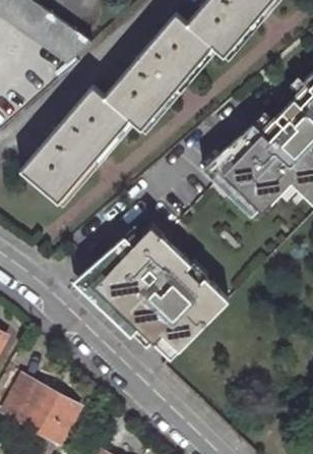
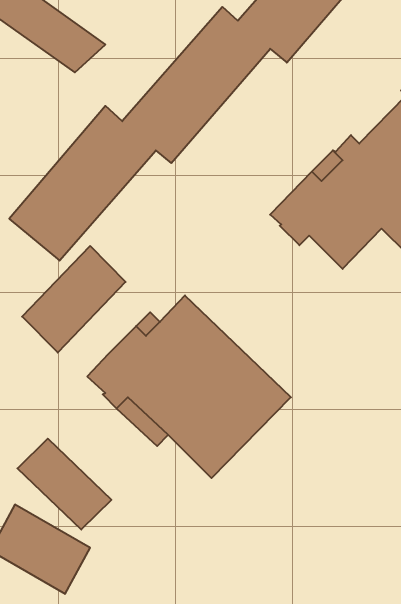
building: none -> [22,246,126,353]
building: none -> [17,439,111,530]

